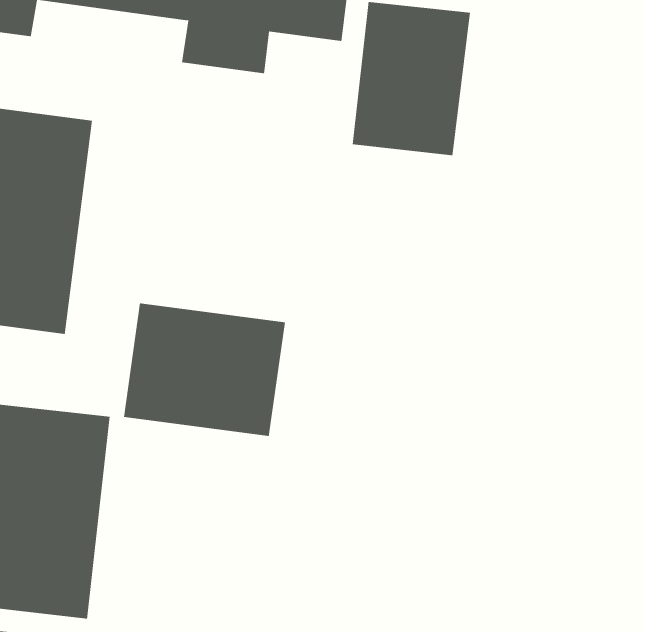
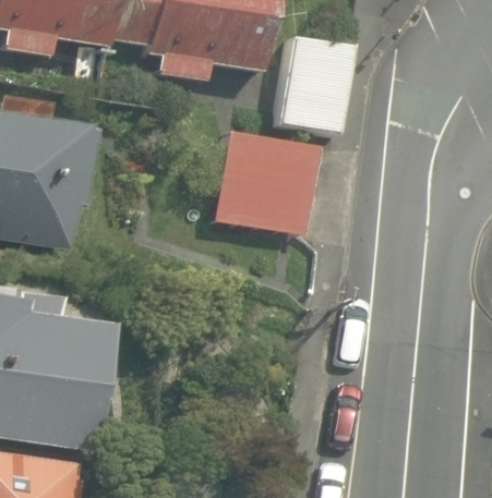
building: [123,303,286,436] -> [207,142,317,232]

